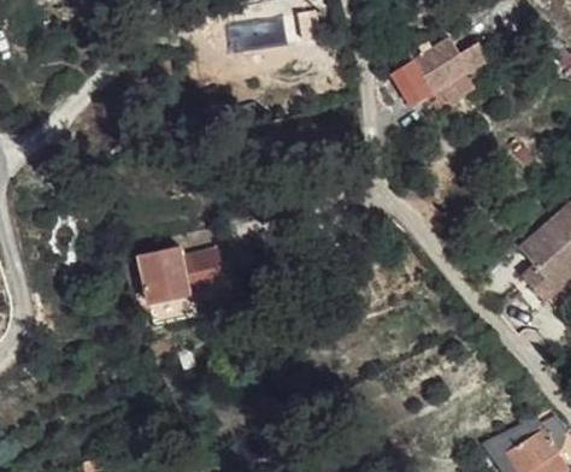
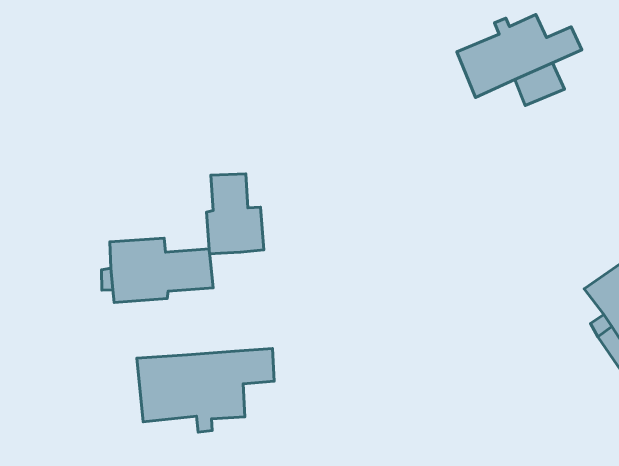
building: none -> [207,174,264,254]
building: none -> [137,348,274,432]

